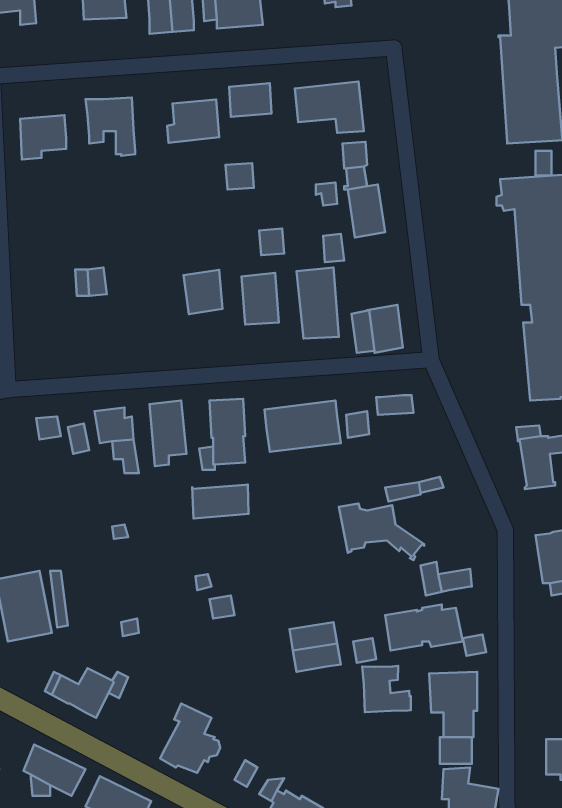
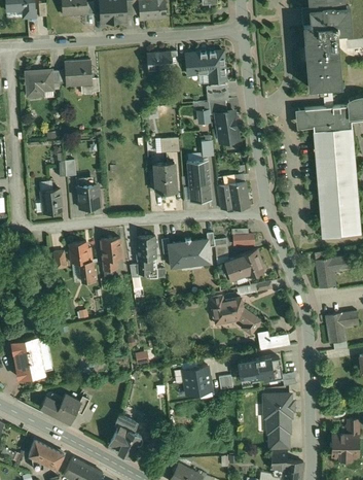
building: [167,100,219,143] -> none
building: [184,270,223,314] -> [77,184,100,210]
building: none -> [40,190,62,214]
building: none -> [224,250,265,280]
building: [192,485,248,518] -> none
building: [362,666,411,712] -> none

